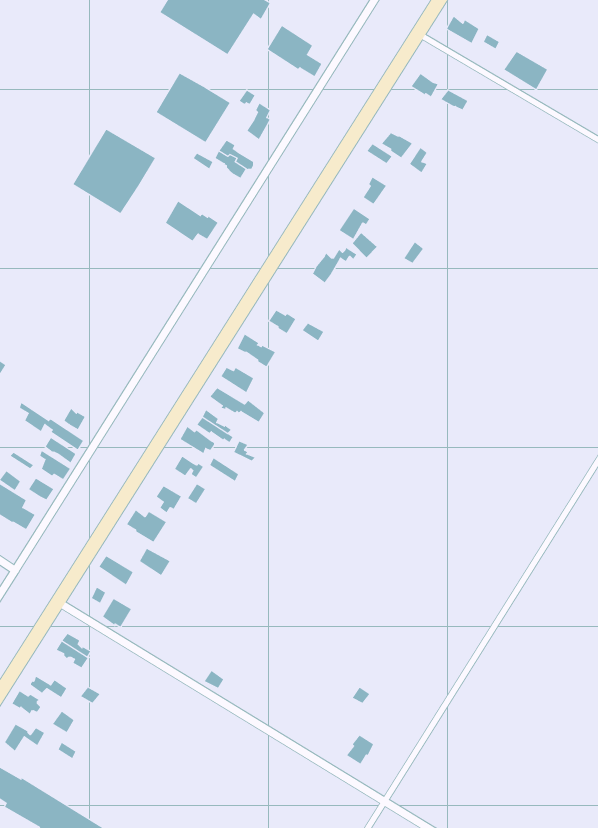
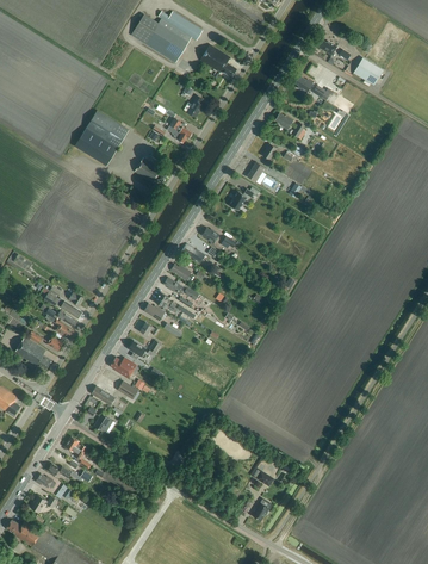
building: [156,73,230,143] -> none

